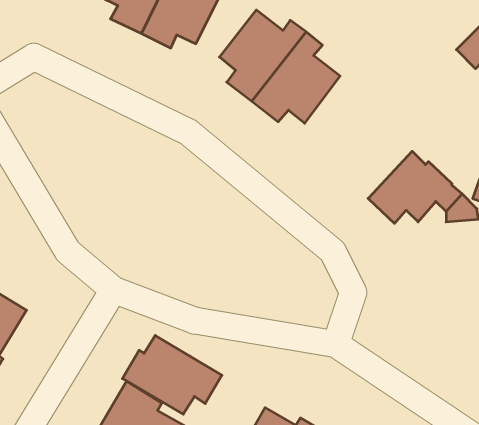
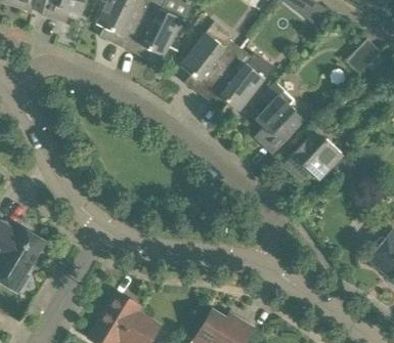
building: none -> [255,83,304,154]
building: [122,335,222,414] -> none

